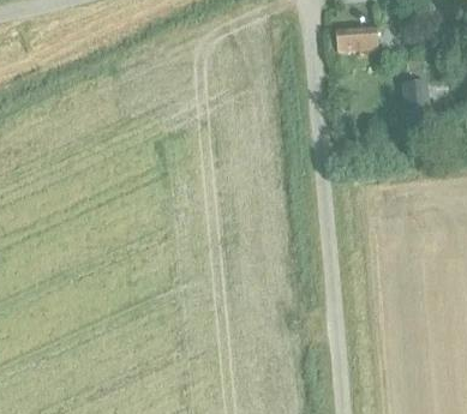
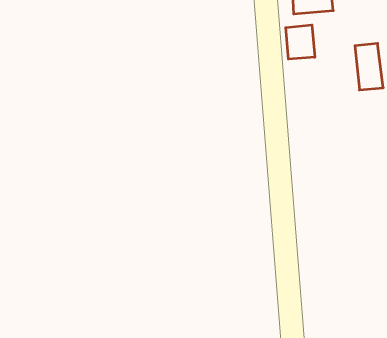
building: none -> [286,25,315,59]

